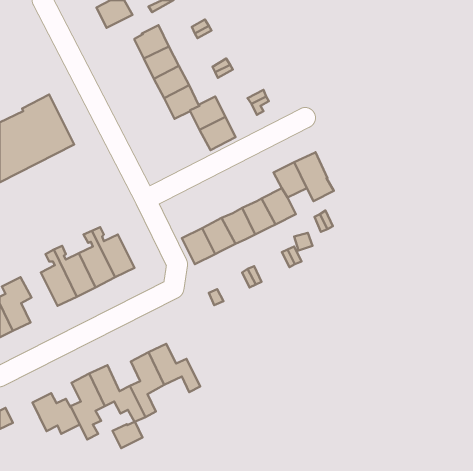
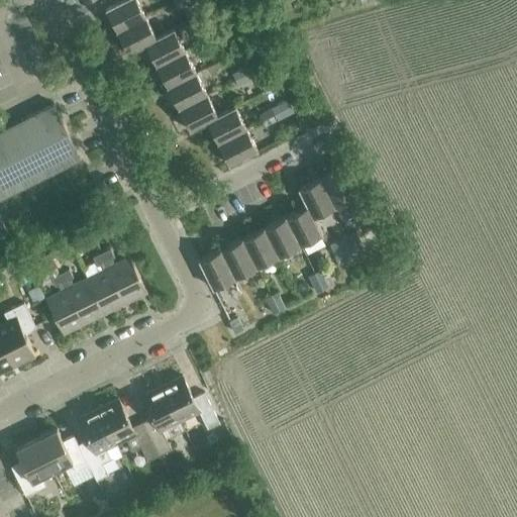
building: none -> [116,19,156,56]
building: none -> [10,441,50,497]
building: [113,422,142,448] -> none

